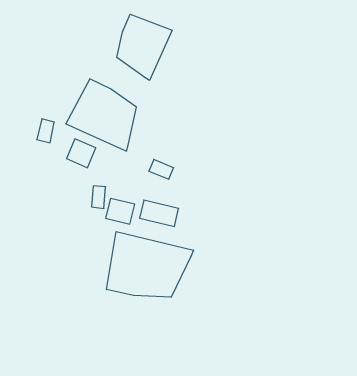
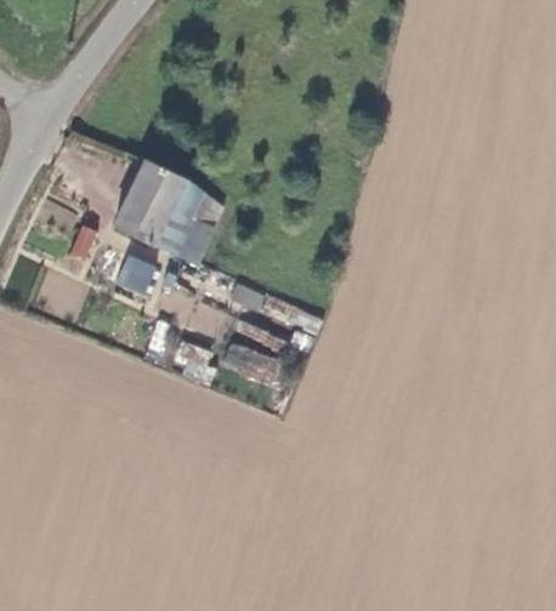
building: [117,14,172,80] -> none
building: [107,232,193,297] -> none

